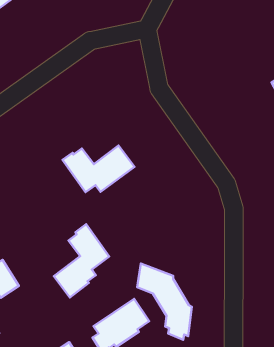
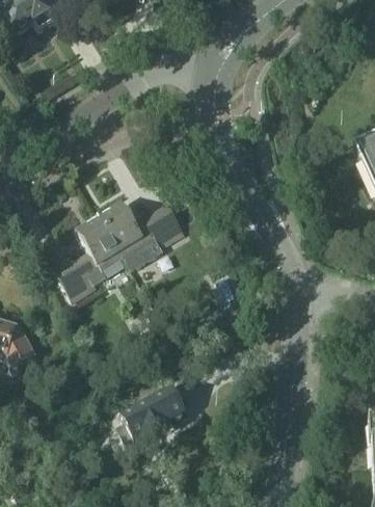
building: [54,224,109,298] -> [57,213,125,298]
building: [137,263,192,340] -> none

